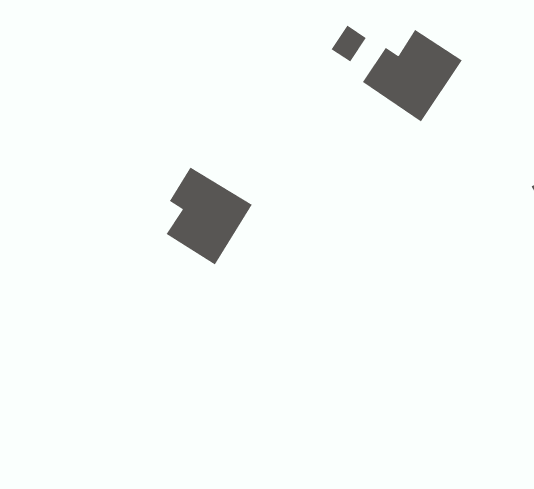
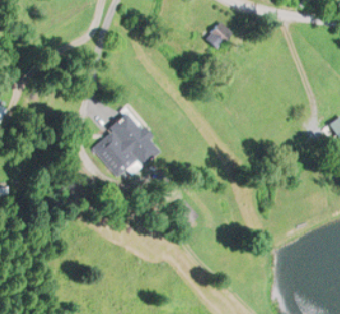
building: [362,29,463,123] -> none

